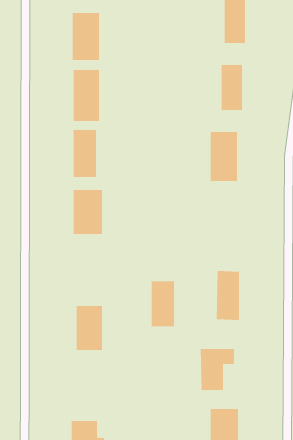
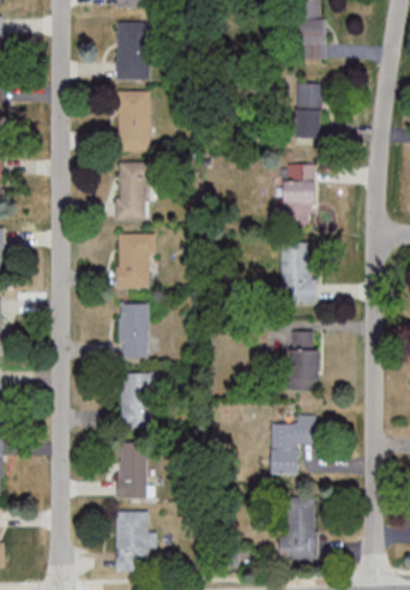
building: none -> [281,243,313,302]
building: [151,281,175,327] -> [120,302,149,357]
building: none -> [117,442,147,498]

